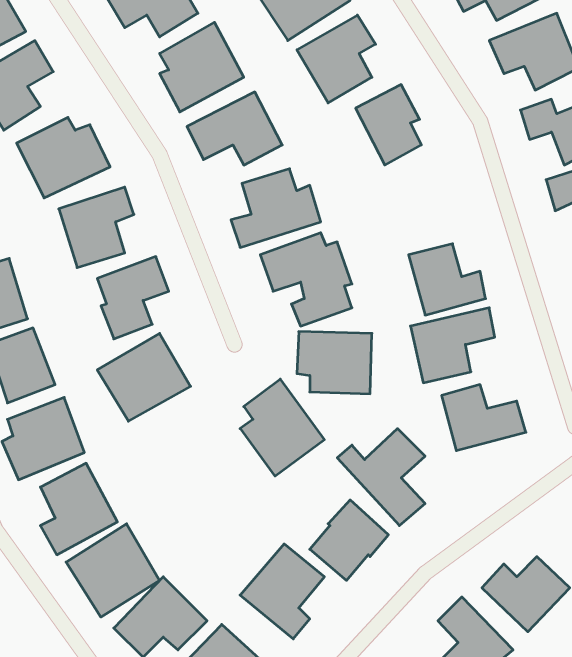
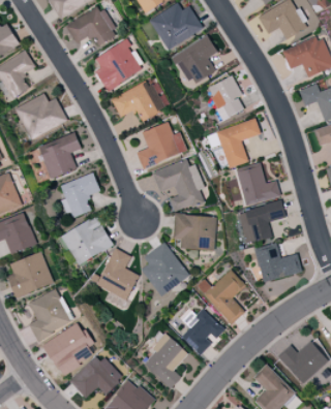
building: none -> [216,119,261,168]
building: none -> [95,249,139,307]

